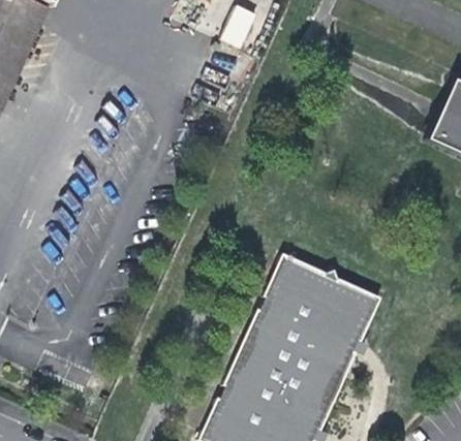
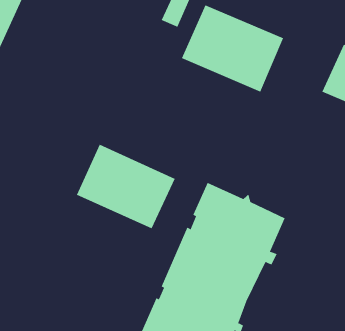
building: none -> [181,5,284,92]
building: none -> [76,144,176,229]

